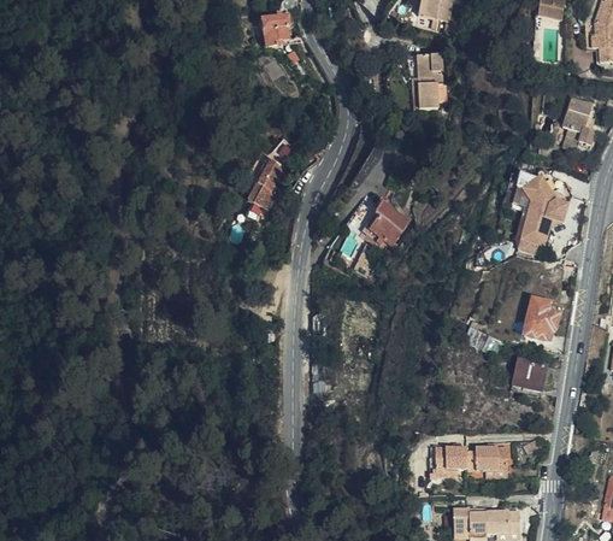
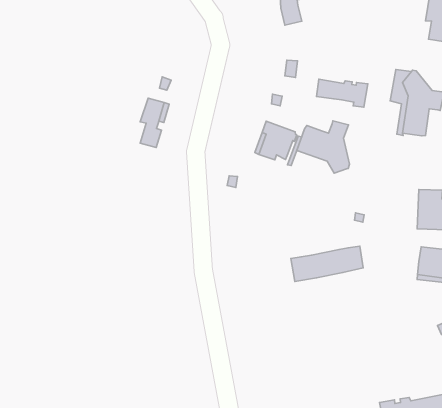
building: none -> [317,79,368,107]
building: none -> [297,121,350,173]
building: [434,446,506,471] -> [291,246,363,281]

